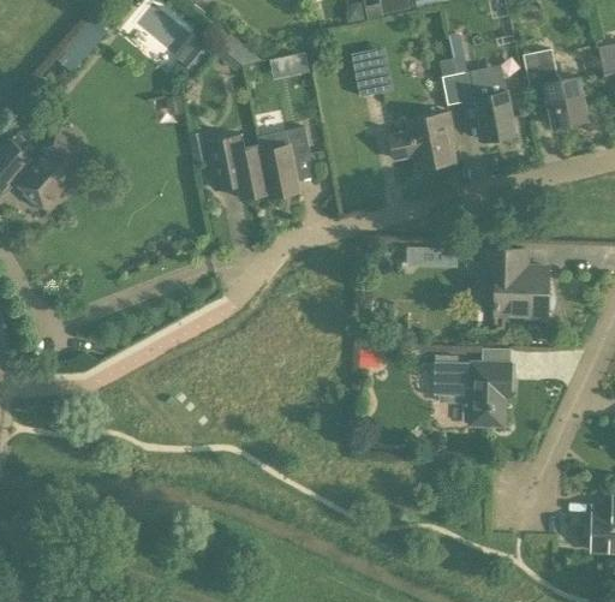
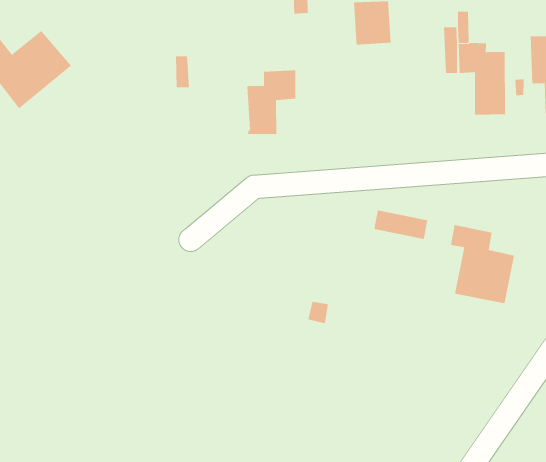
building: [390,113,455,169] -> none
building: [209,133,271,197] -> none
building: [434,347,510,425] -> none

